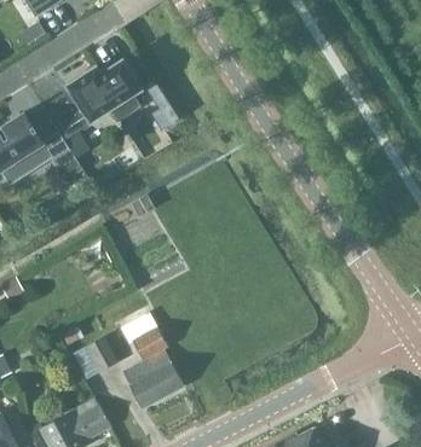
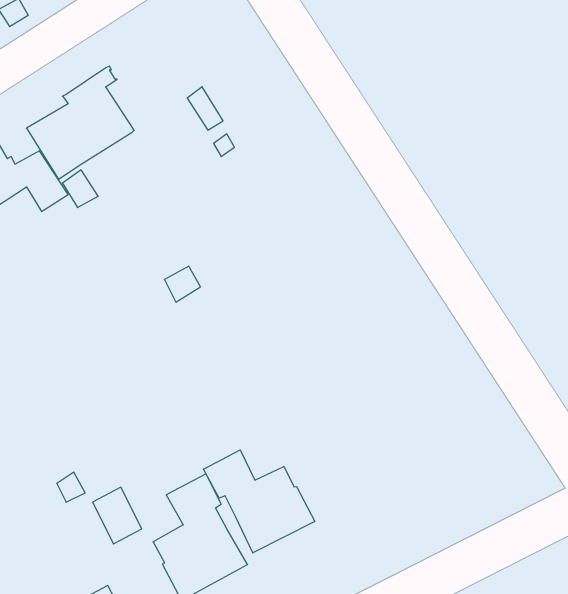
building: [94,62,142,121] -> none
building: none -> [203,450,315,553]

